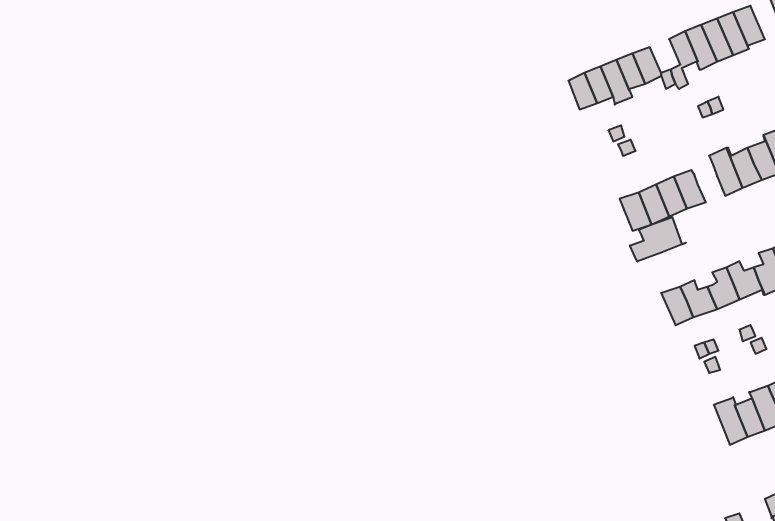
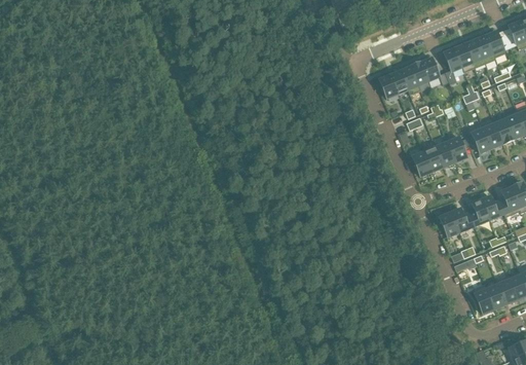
building: [630,217,686,262] -> none

